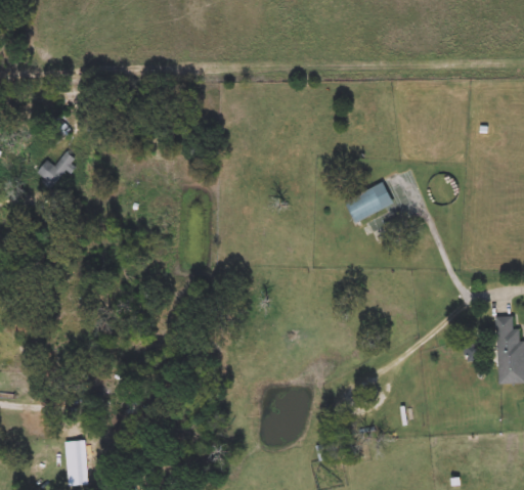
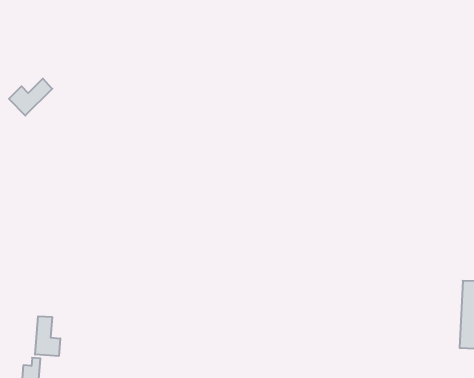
building: [345,183,394,223] -> none
building: none -> [35,316,60,356]

